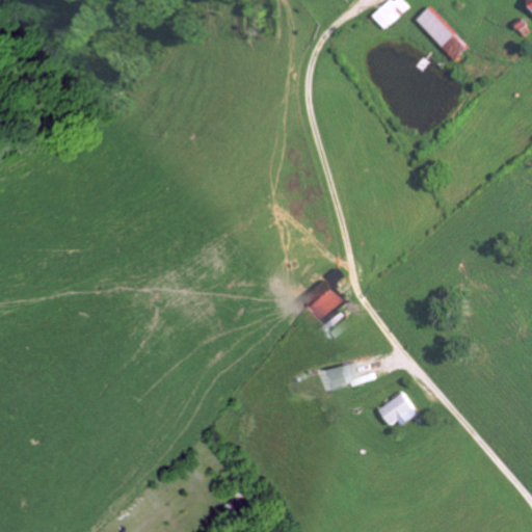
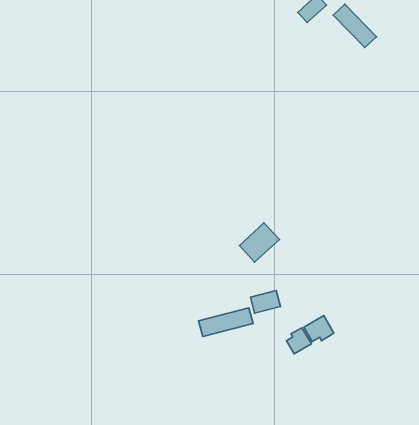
building: none -> [198,308,253,337]
building: none -> [286,328,311,354]

